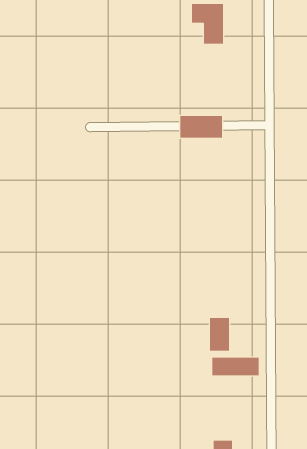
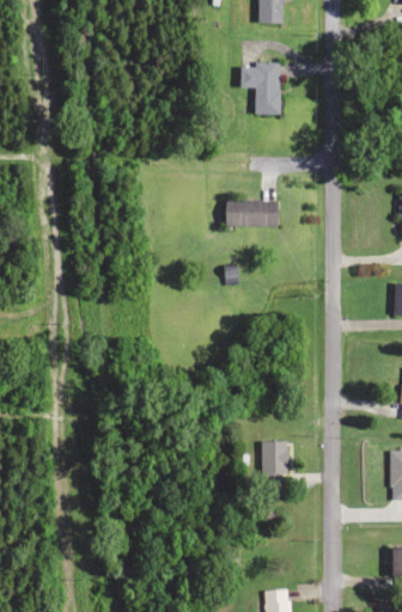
building: [212,357,259,376] -> none

